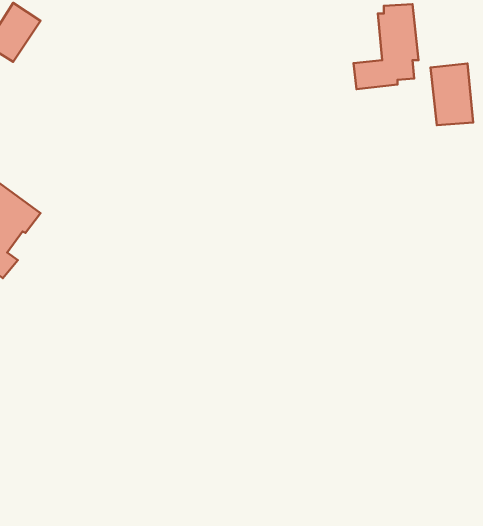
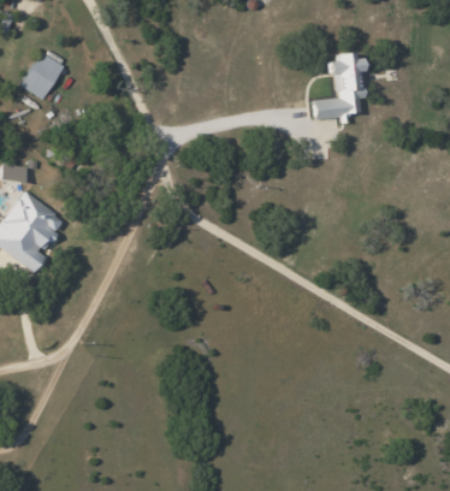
building: [431,63,473,125] -> none

